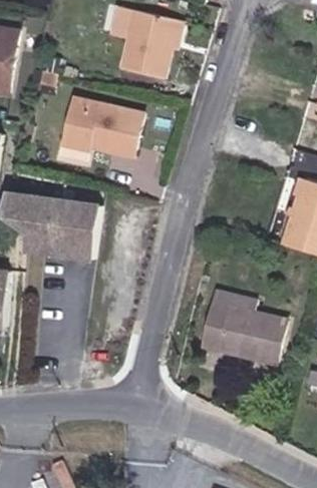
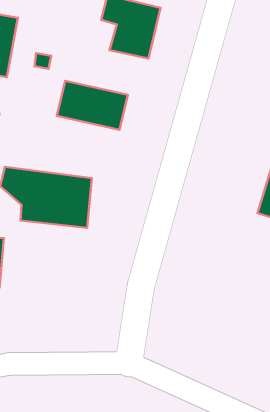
building: [203,291,284,362] -> none

